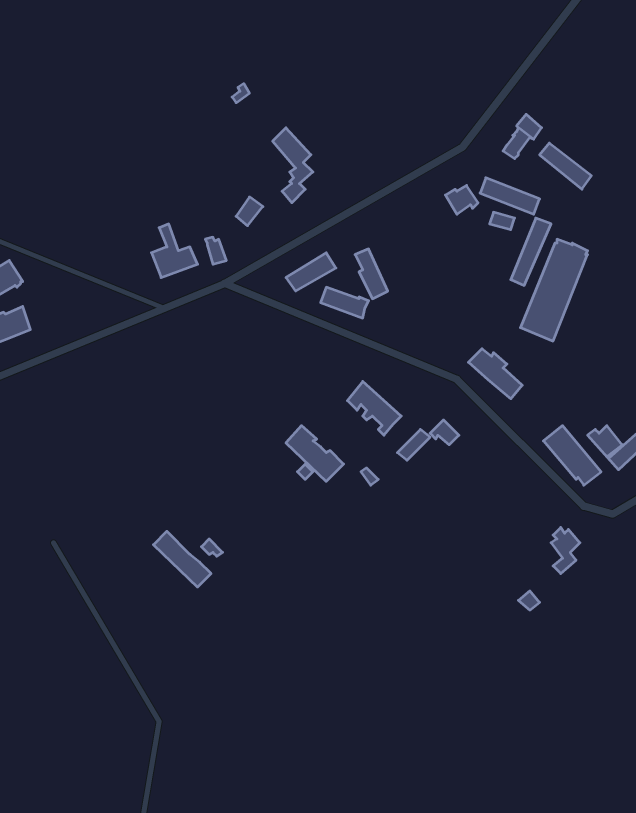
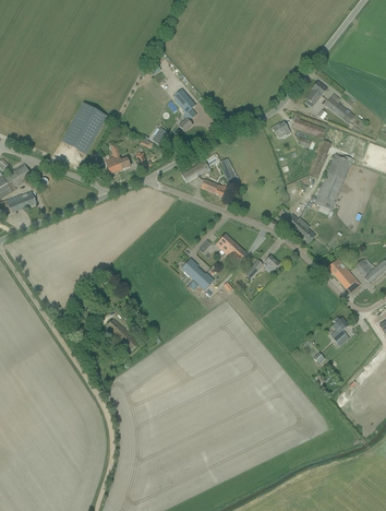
building: none -> [62,102,107,153]

